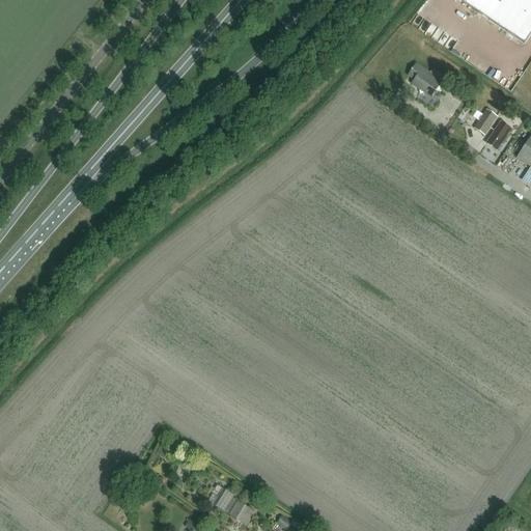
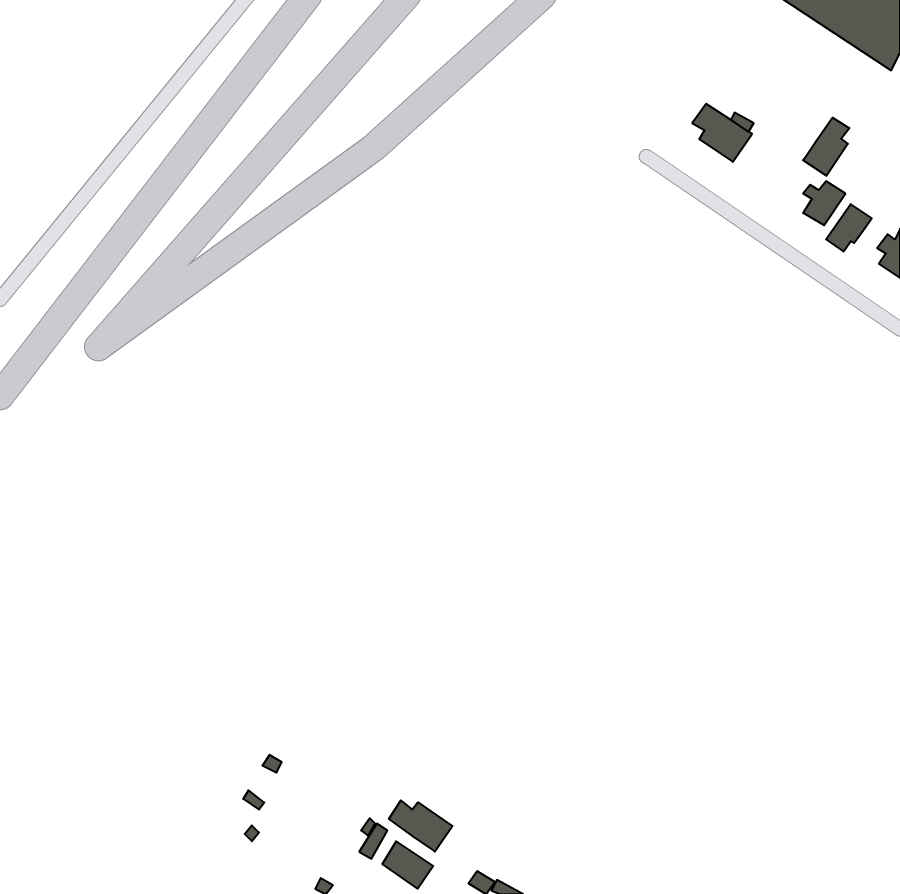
building: none -> [803,118,849,176]
building: none -> [389,800,452,852]

